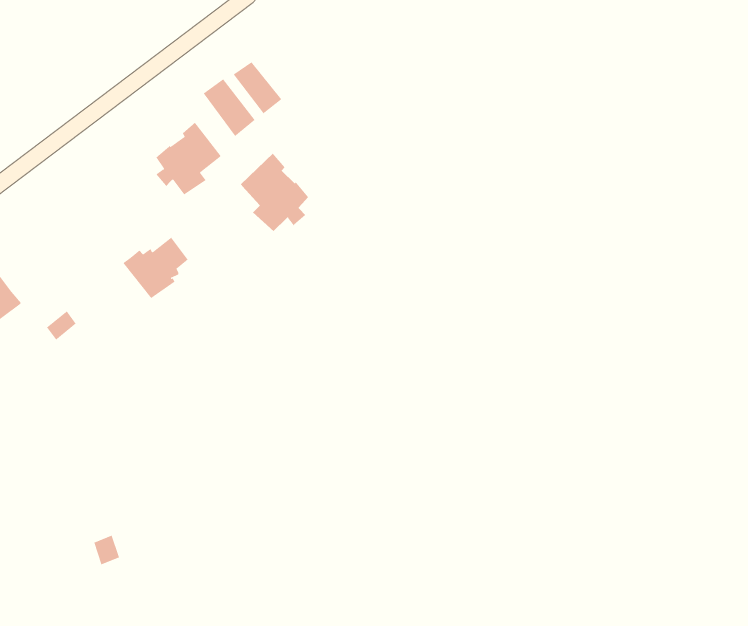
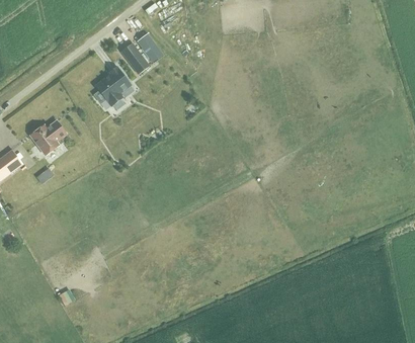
building: [240,153,309,232] -> none
building: [122,237,188,299] -> [30,121,66,155]

